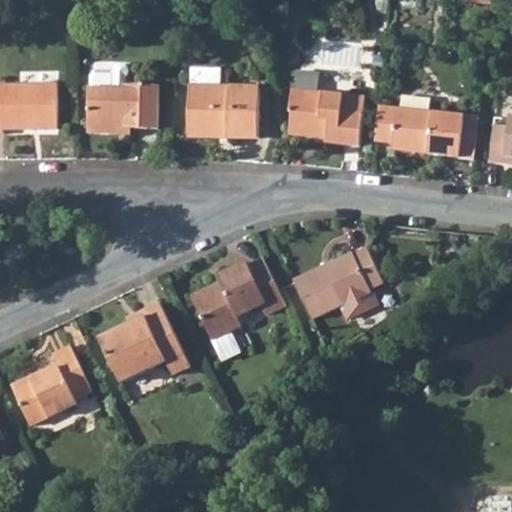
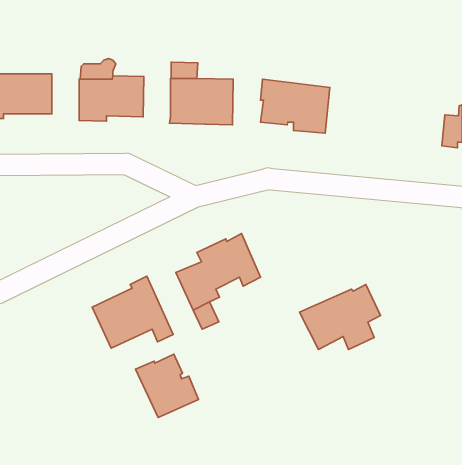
building: [371,104,460,158] -> none
building: [293,248,382,319] -> [299,285,380,349]
building: [12,346,92,426] -> none
building: none -> [136,354,198,418]

